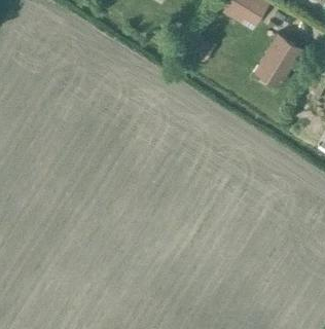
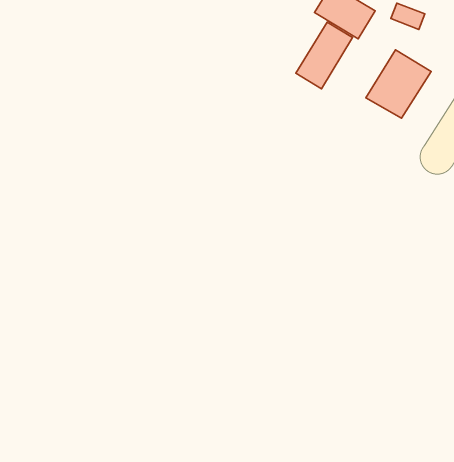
building: none -> [296,22,353,89]

